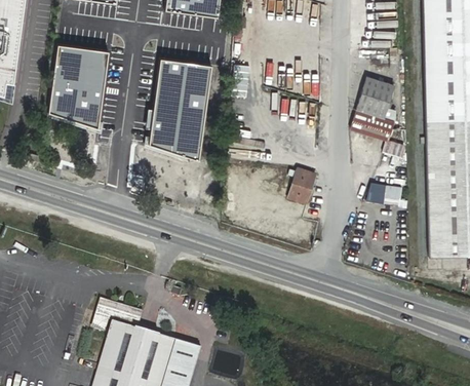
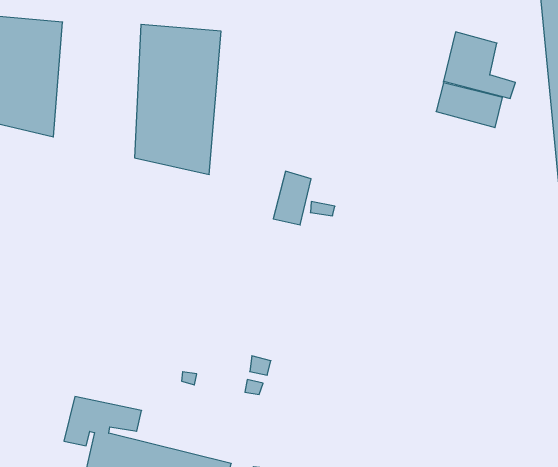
building: [287,167,314,203] -> [273,171,311,225]
building: [366,183,402,206] -> none

